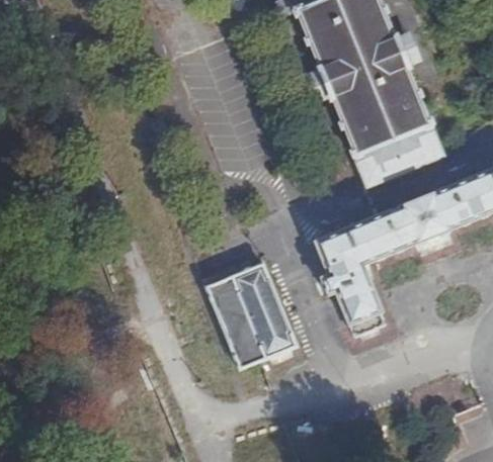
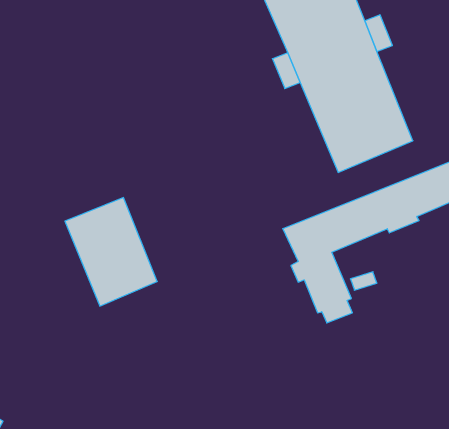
building: [206,264,297,371] -> [65,198,157,306]

